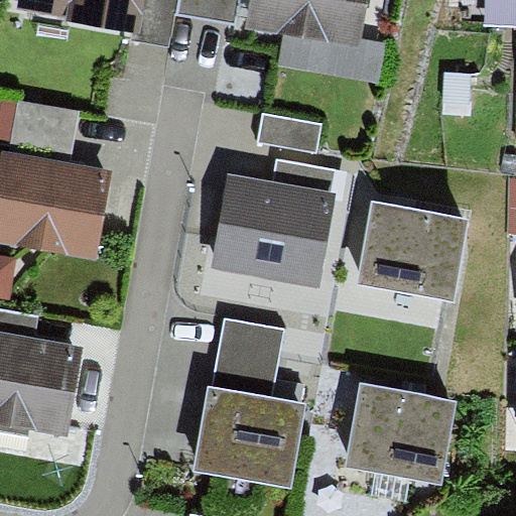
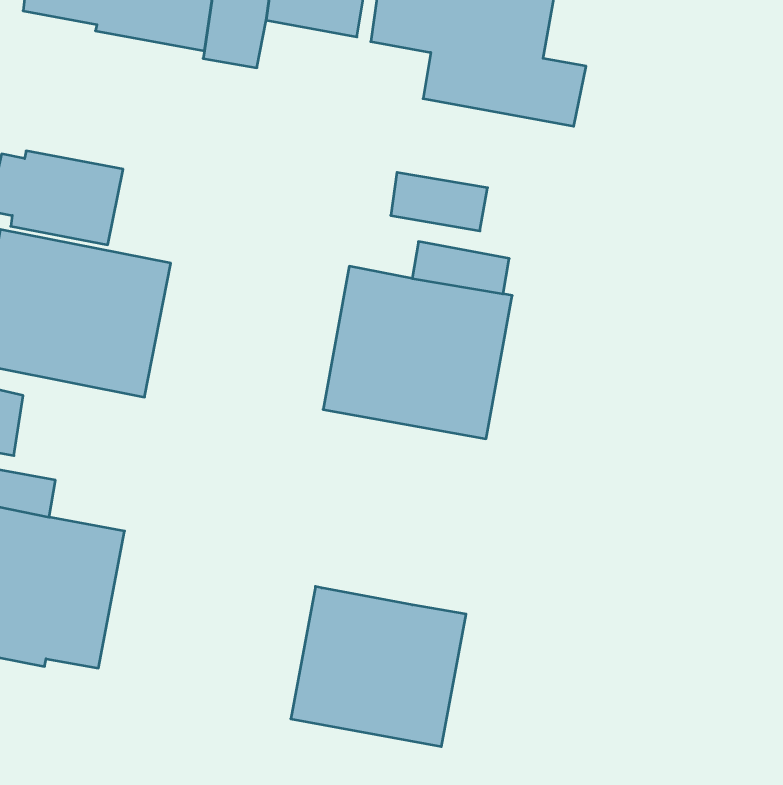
building: [358,200,469,302] -> none
building: [211,317,283,396] -> none
building: [345,383,456,484] -> none

